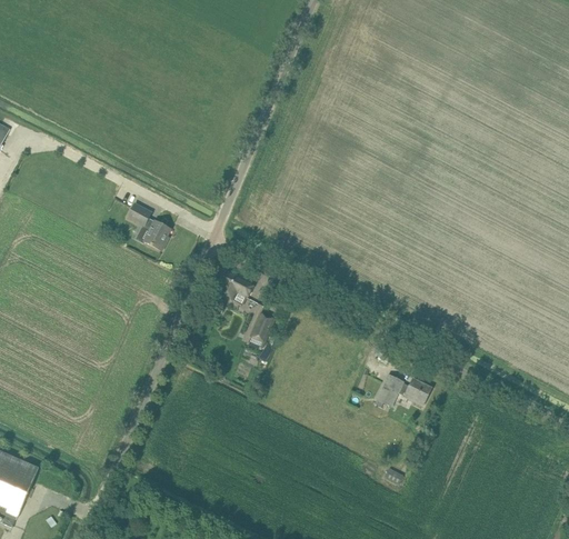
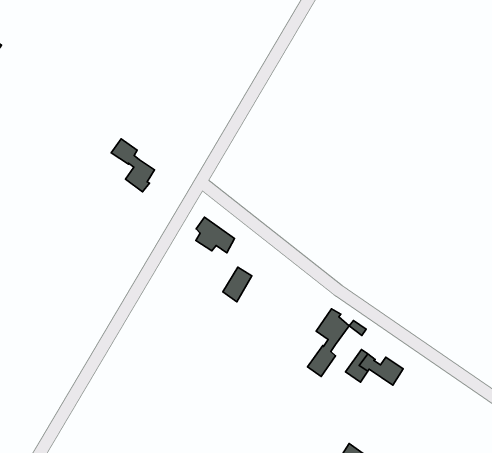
building: none -> [307,309,349,376]

